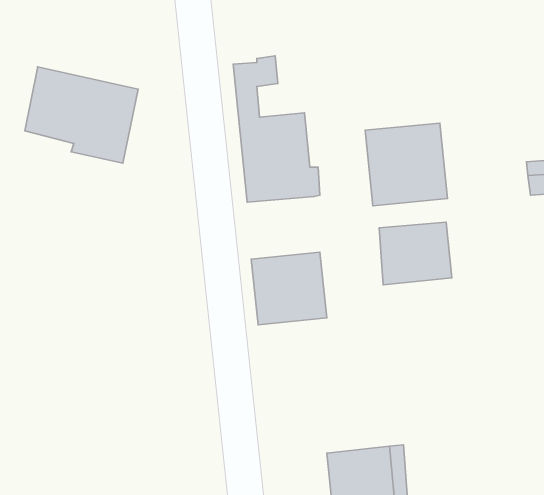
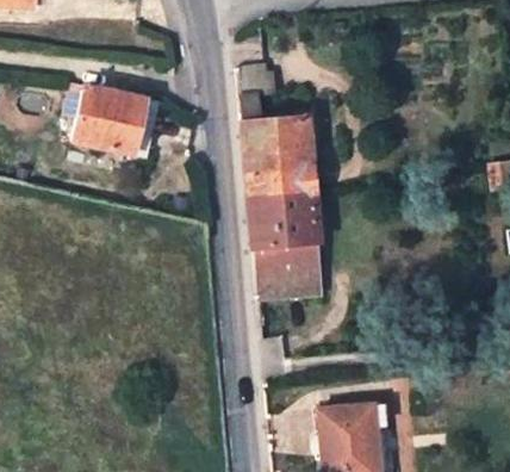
building: [365,123,448,206] -> none
building: [379,222,452,285] -> [249,192,311,246]

